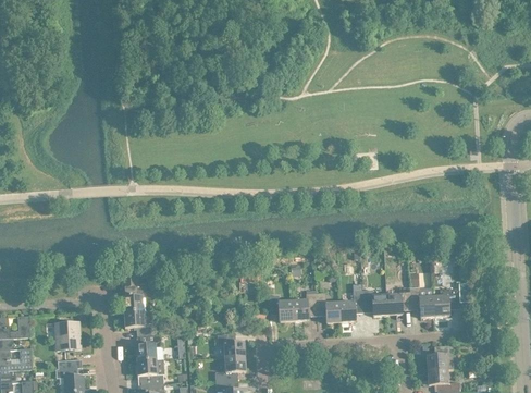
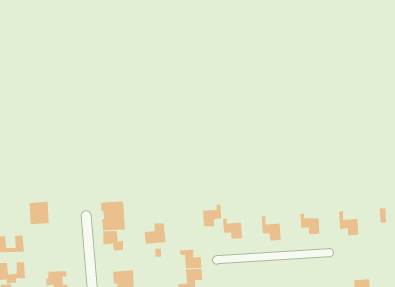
building: [386,286,410,314] -> none
building: [433,287,457,315] -> none
building: [339,288,363,321] -> none
building: [293,292,317,319] -> [202,204,222,227]
building: [55,320,81,348] -> [29,201,50,224]
building: [135,333,162,359] -> [144,223,166,244]
building: [427,344,453,369] -> none

